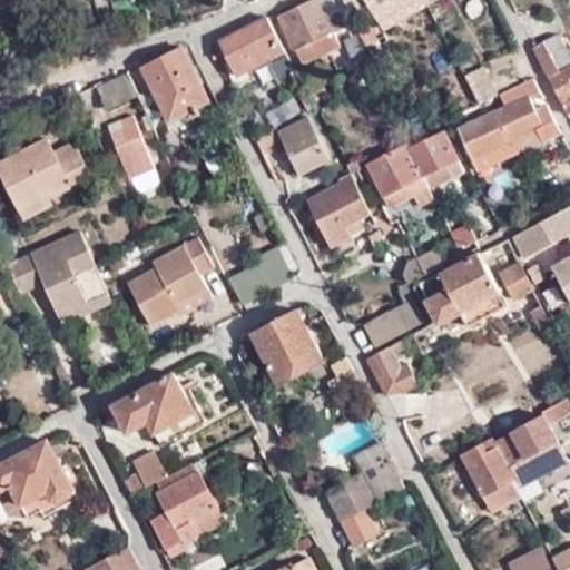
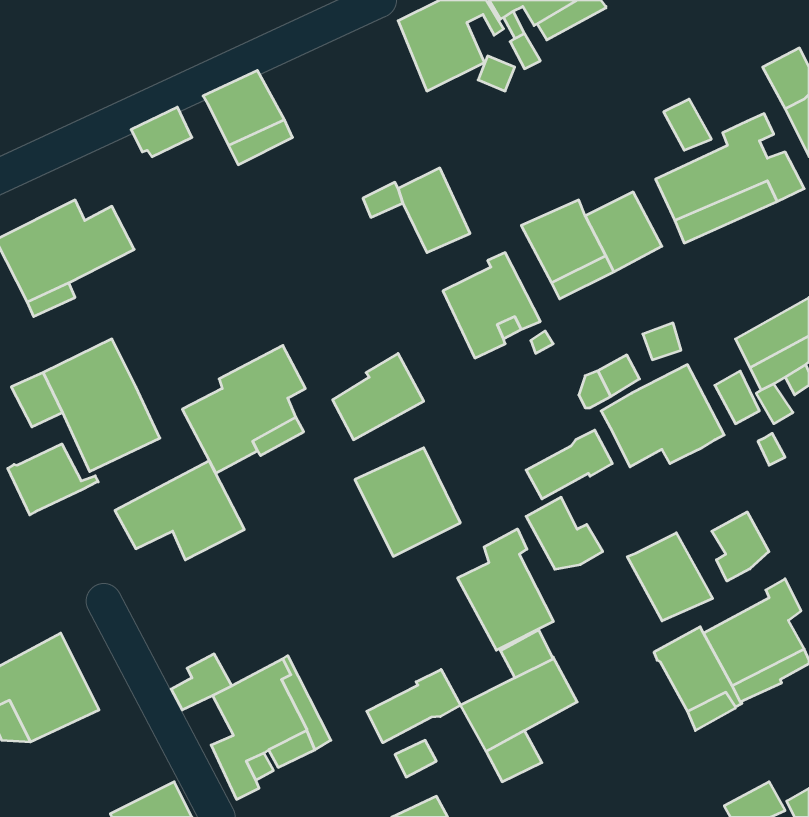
building: [218,17,283,75] -> none
building: [110,118,154,180] -> none
building: none -> [8,444,98,515]
building: none -> [712,512,769,581]
building: none -> [458,529,553,650]
building: none -> [627,533,713,621]
building: [106,376,196,445] -> [115,461,244,560]
building: none -> [367,669,460,743]

